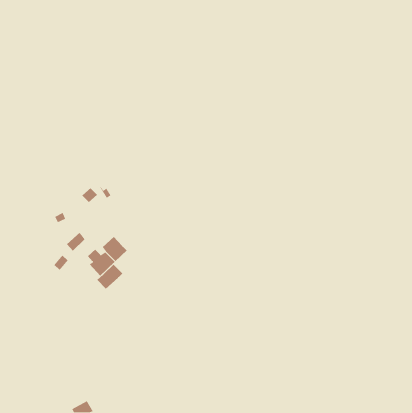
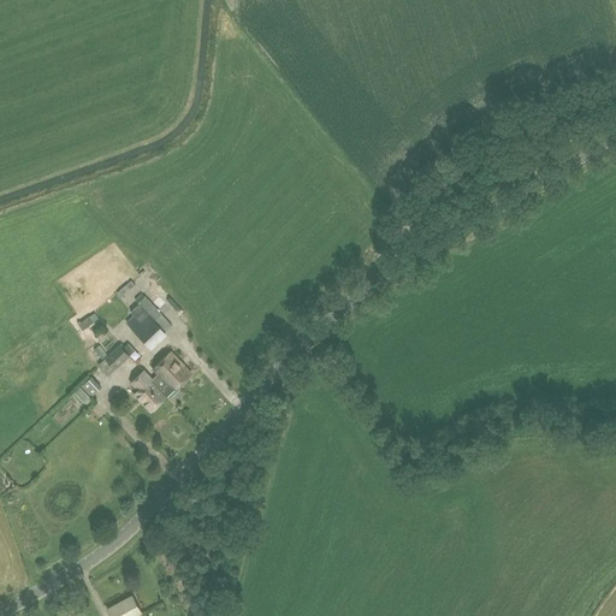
building: none -> [125,297,171,348]
building: [97,264,123,290] -> none

